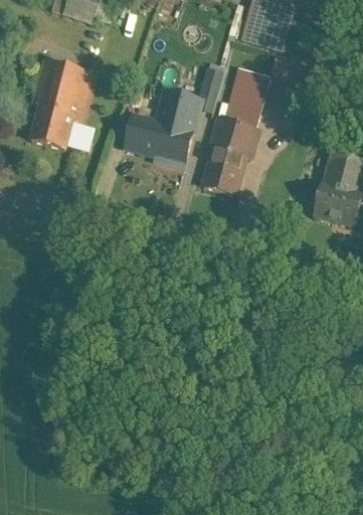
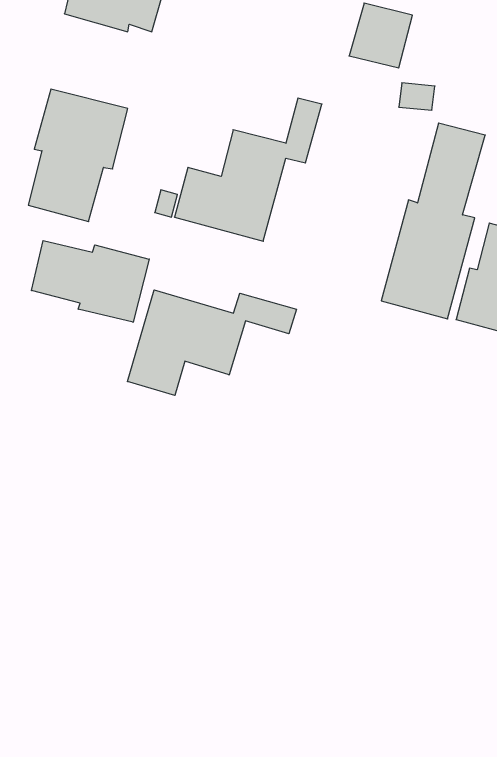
building: [200,65,269,196] -> [381,123,485,319]
building: none -> [31,241,149,322]
building: none -> [127,290,296,395]

